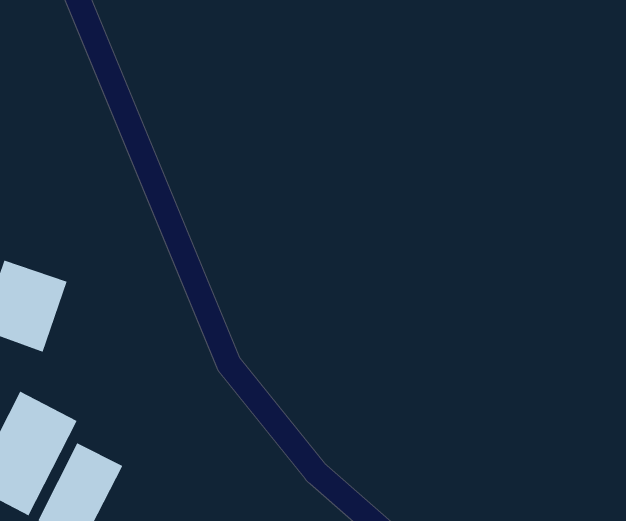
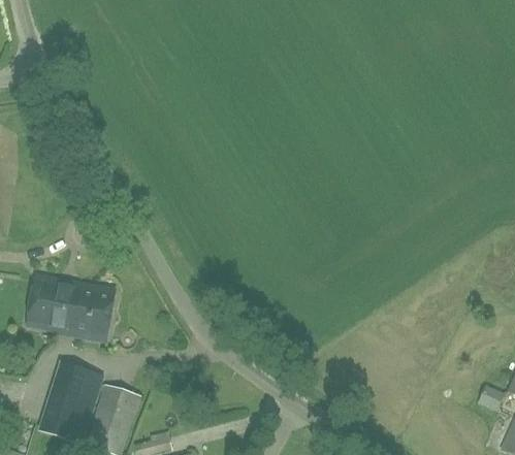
building: none -> [73,283,115,339]

